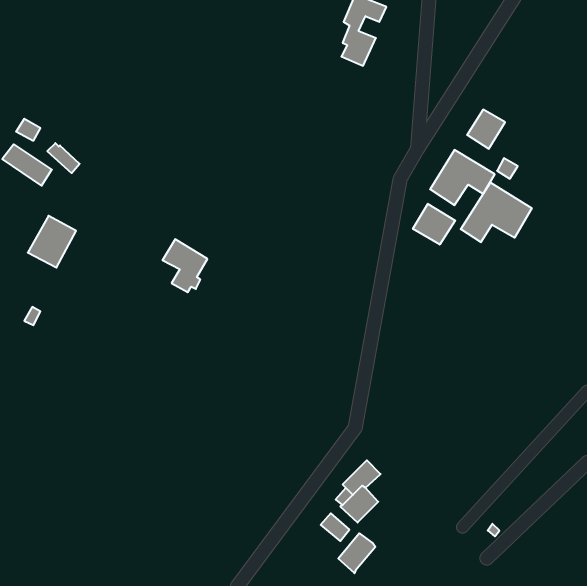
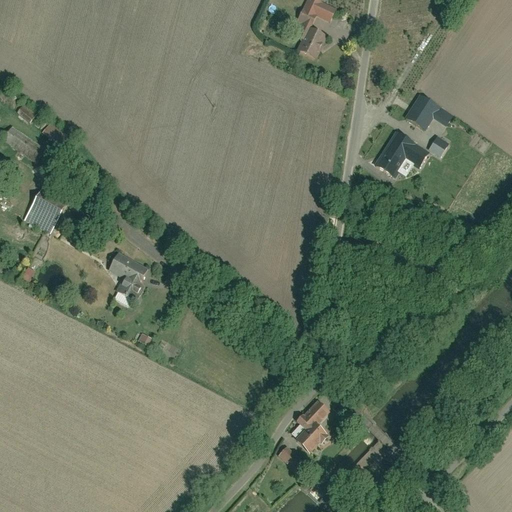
building: [461,183,532,242] -> none
building: [413,204,455,245] -> none
building: [162,239,207,292] -> [108,251,147,297]
building: [338,533,375,573] -> none

